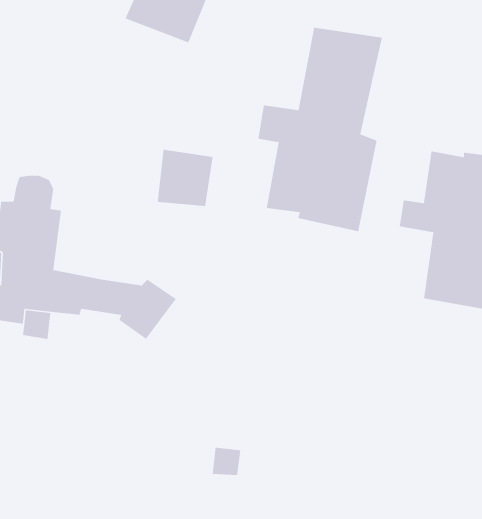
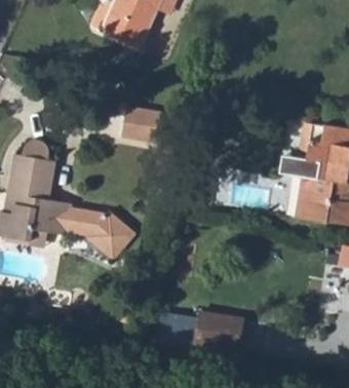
building: [257,27,383,232] -> none
building: none -> [193,310,243,347]

